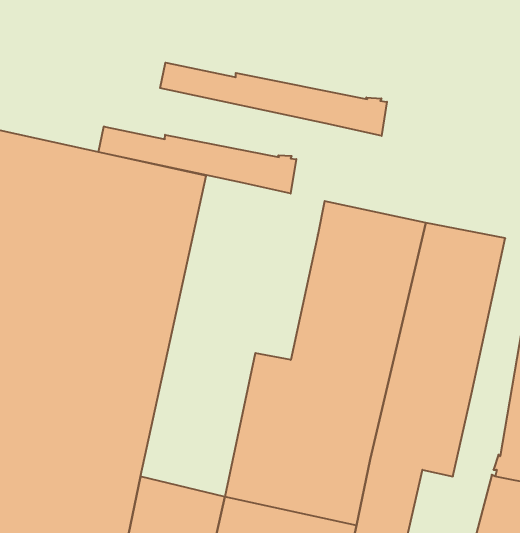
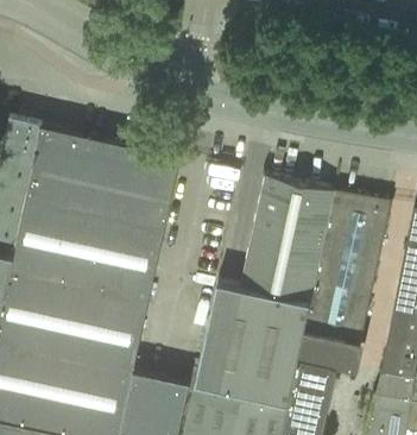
building: [160,63,387,136] -> none
building: [99,126,296,194] -> none

